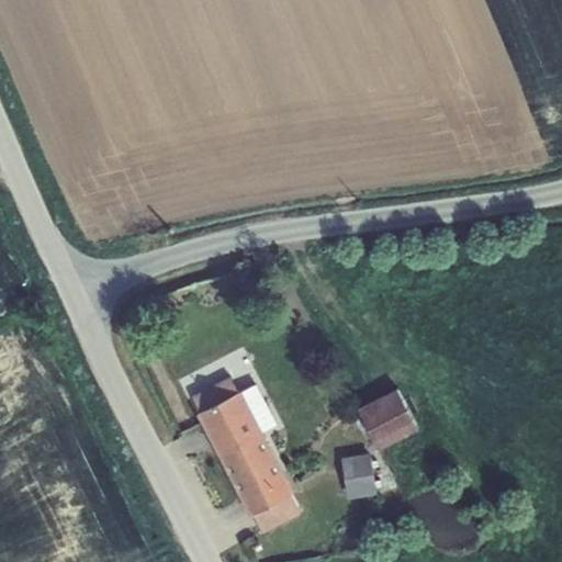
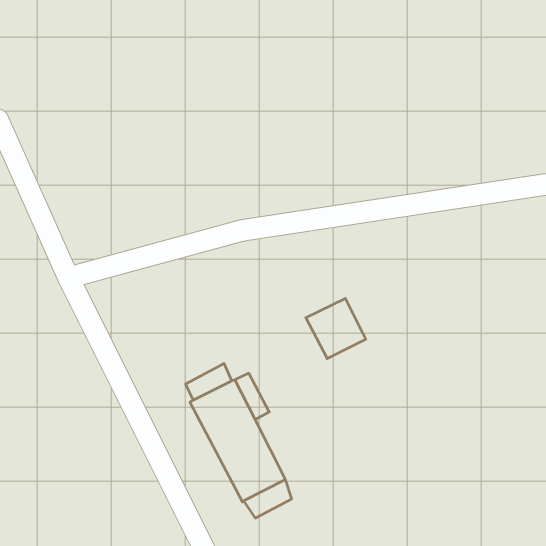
building: [356,387,417,449] -> [306,298,366,359]
building: [340,451,375,498] -> none

